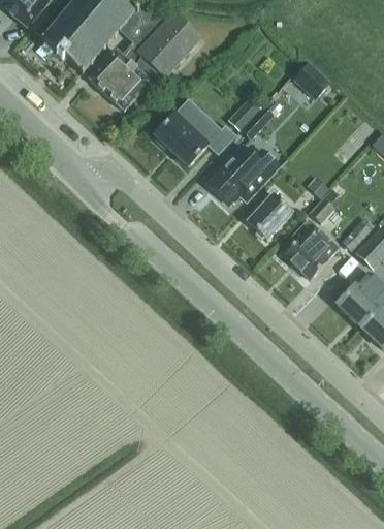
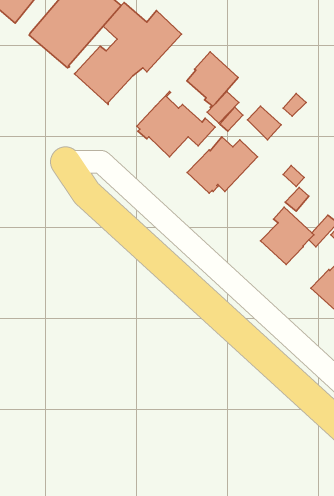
building: none -> [187,52,238,107]
building: [293,62,328,97] -> [248,106,281,140]
building: [248,192,293,238] -> none

